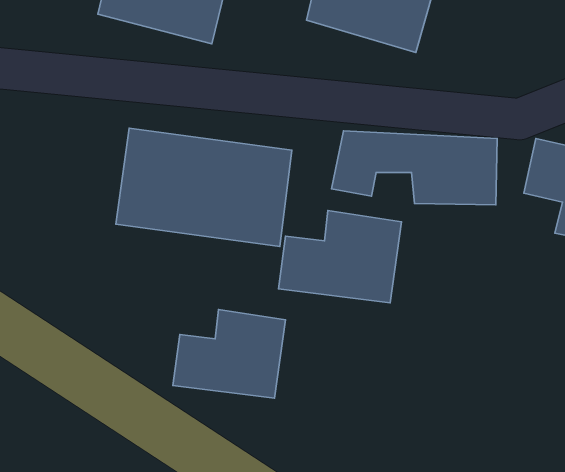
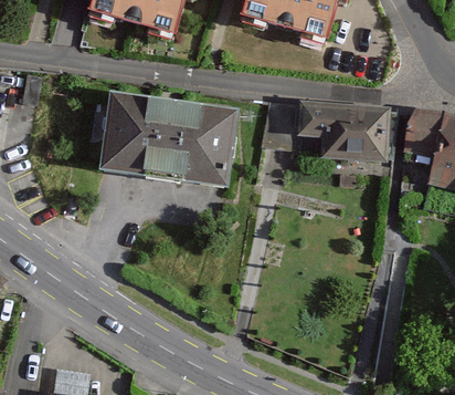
building: [279,211,402,303] -> none
building: [173,310,286,398] -> none

